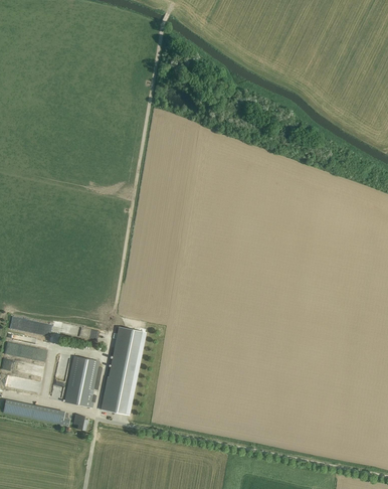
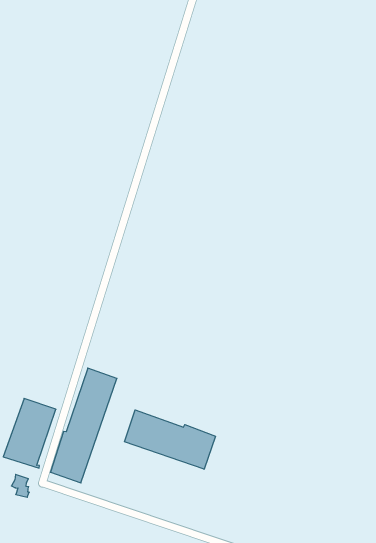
building: none -> [124,410,215,469]

